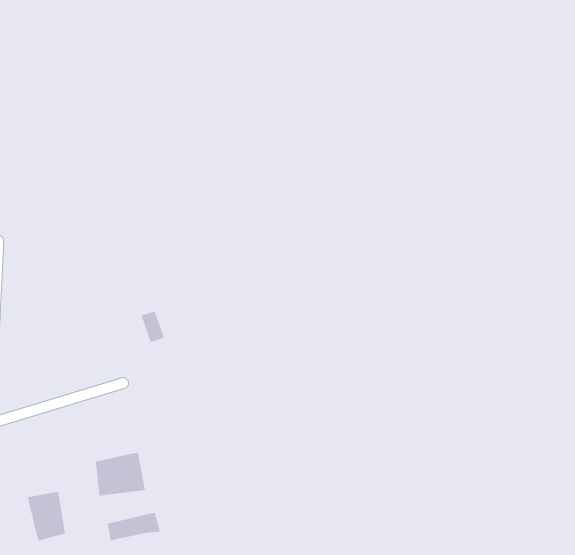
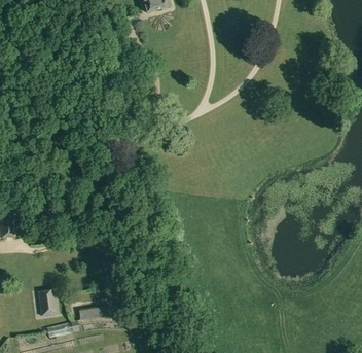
building: [95,451,146,497] -> none

